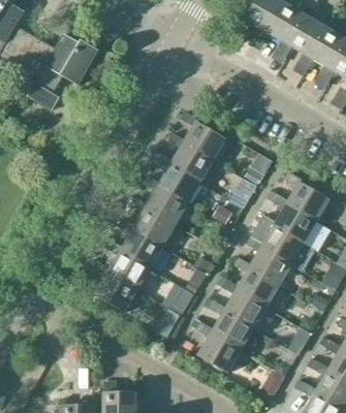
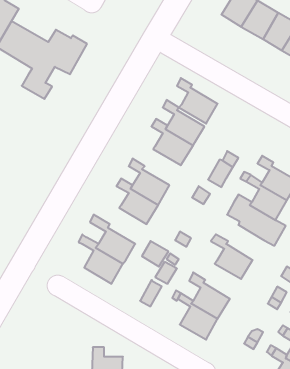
building: [156,154,200,203] -> [177,78,218,124]
building: [119,218,163,267] -> none
building: [247,235,291,285] -> none
building: [222,278,266,327] -> none

